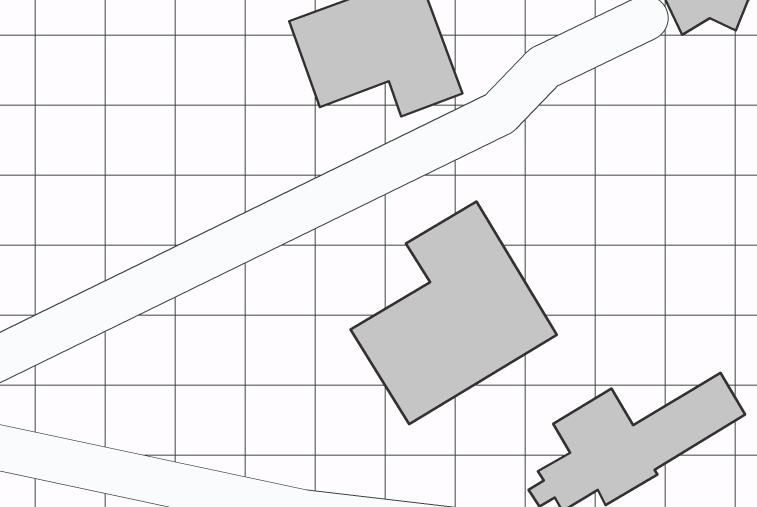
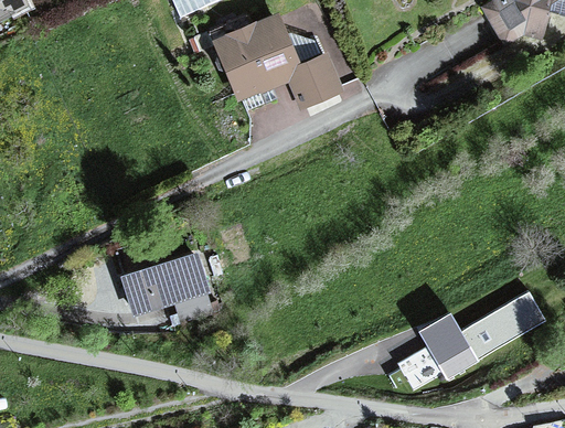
building: [350,201,557,424] -> none
building: none -> [122,254,210,313]

